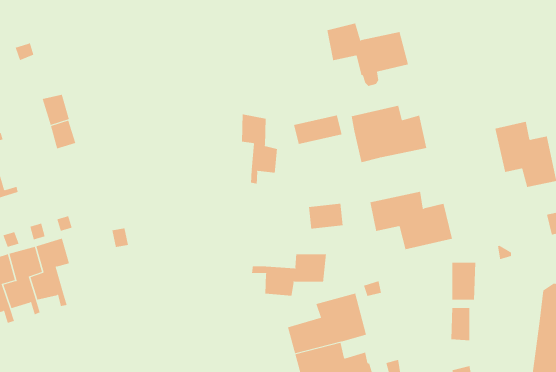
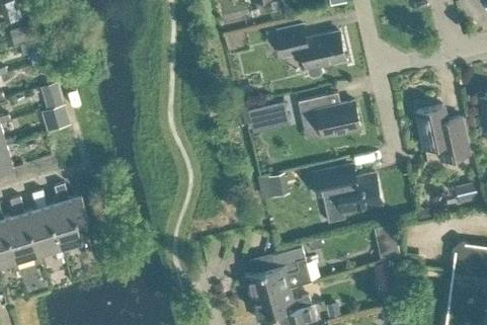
building: [242,114,277,185] -> none
building: none -> [54,195,88,253]
building: [251,254,327,297] -> none

